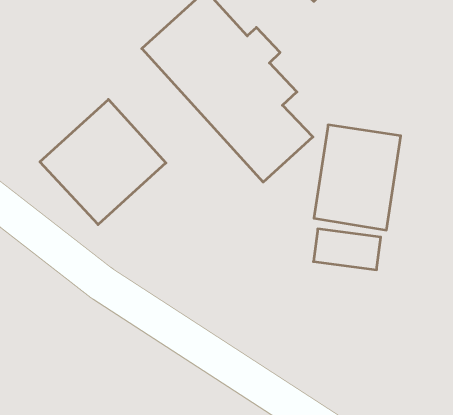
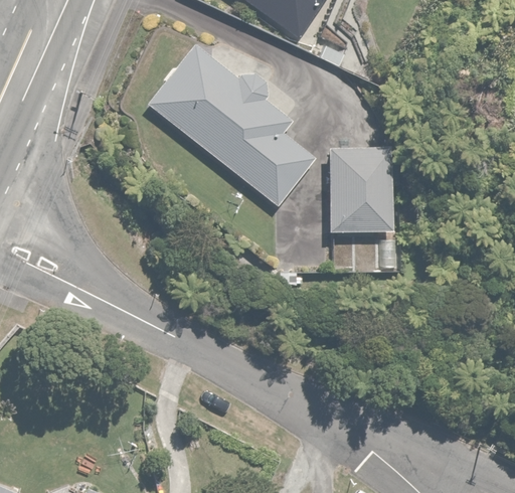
building: [40,99,166,225] -> none

